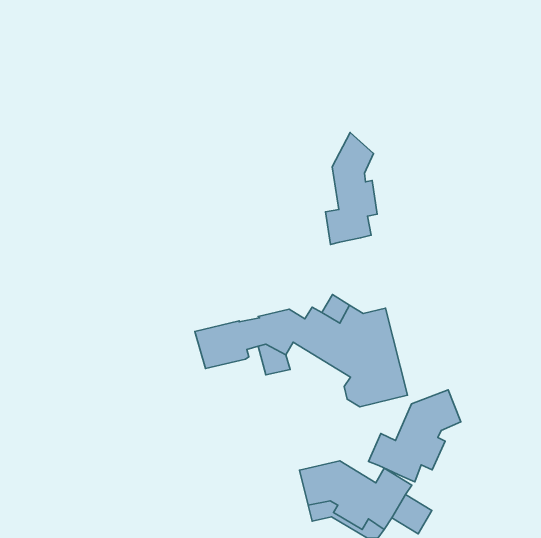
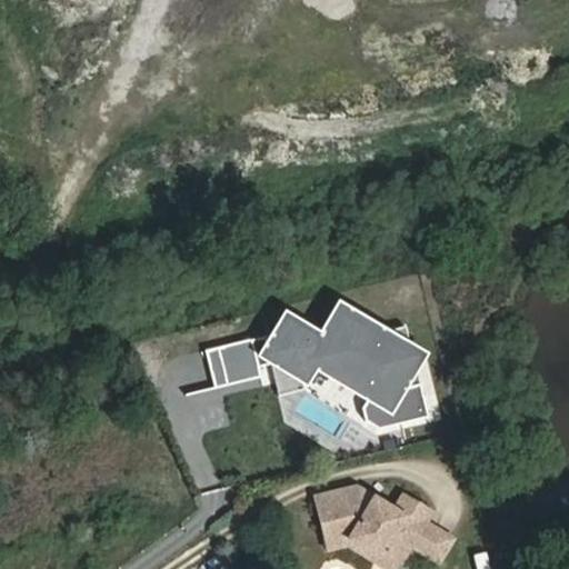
building: [326,132,377,245] -> none
building: [369,390,461,482] -> none

